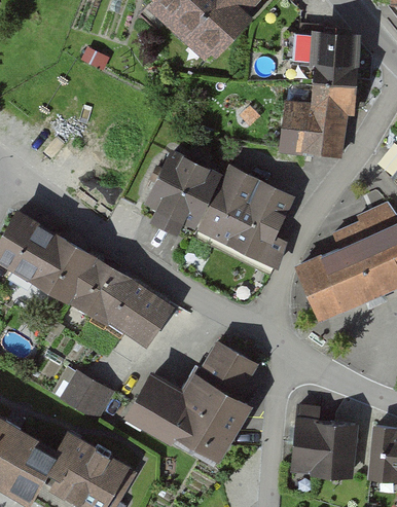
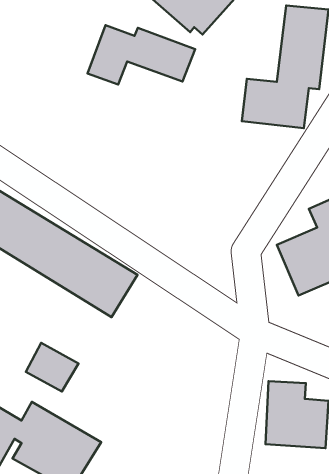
building: none -> [88,25,195,84]
building: [137,144,289,261] -> none
building: [123,336,251,458] -> none

